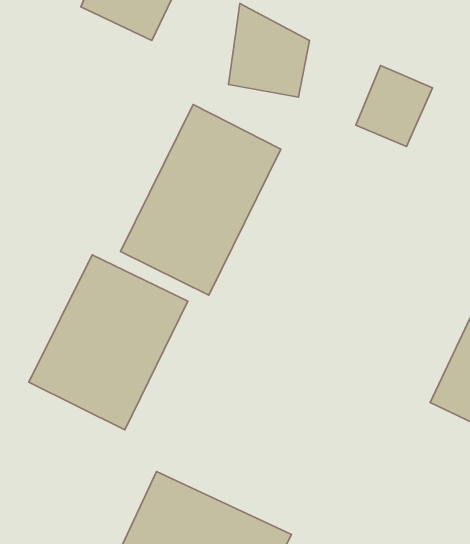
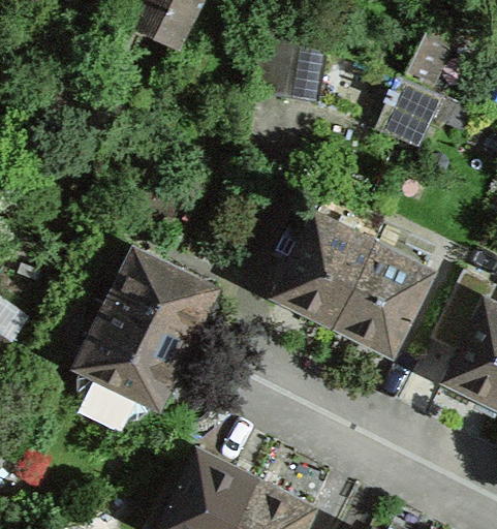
building: [120,104,281,295] -> none
building: none -> [267,210,433,357]

